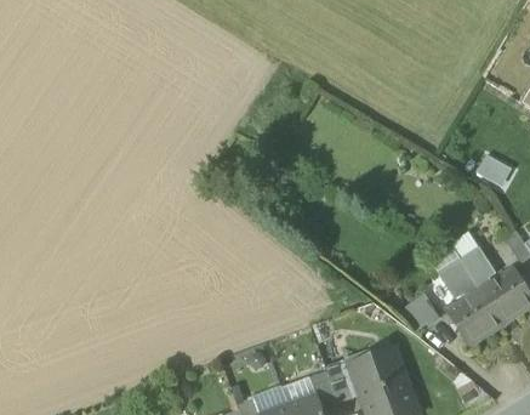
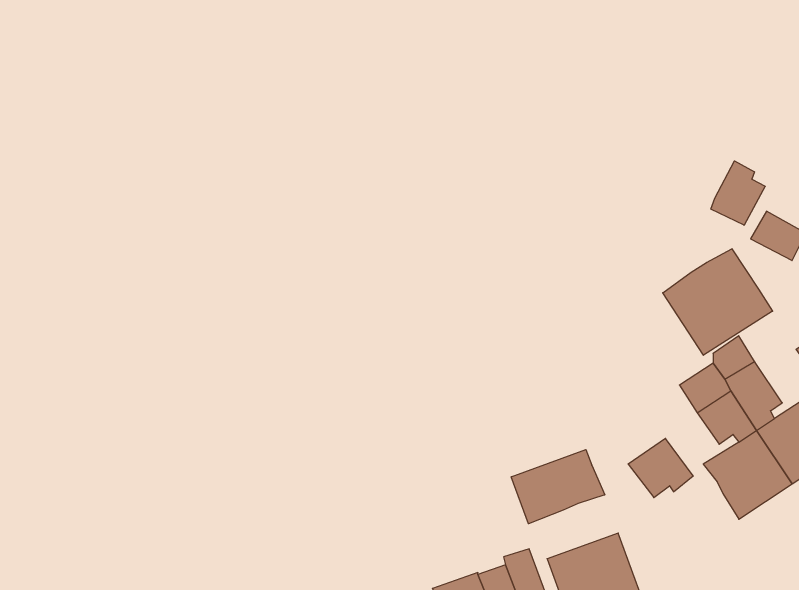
building: none -> [711,161,765,225]
building: none -> [663,249,773,355]
building: none -> [511,450,605,524]

